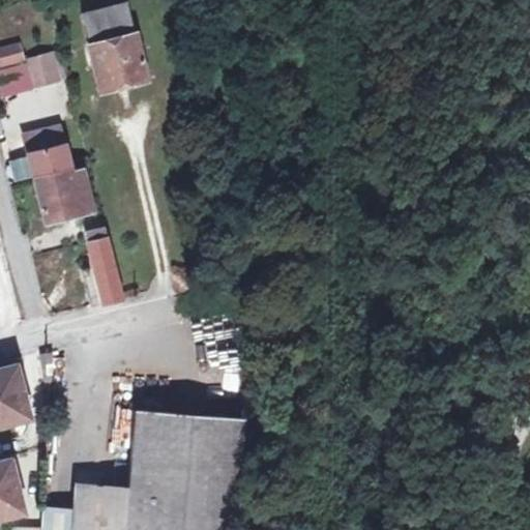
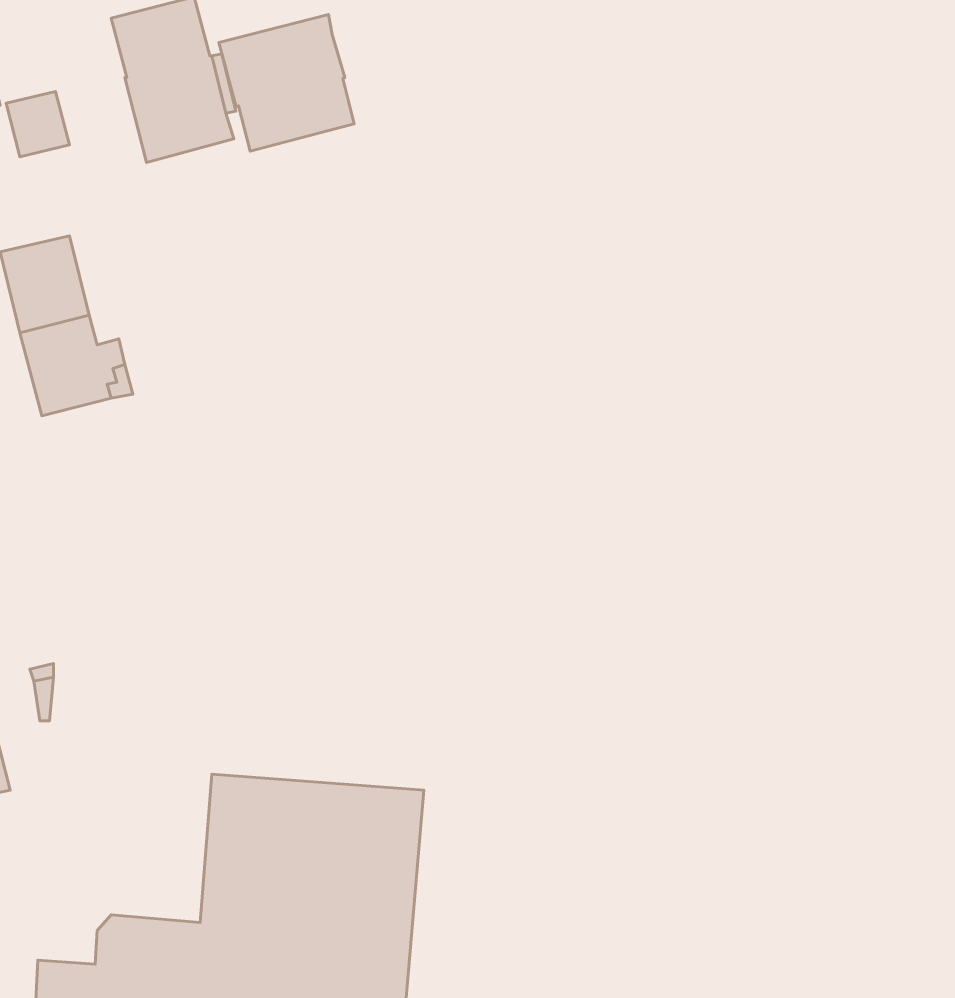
building: none -> [219,14,354,151]
building: [83,228,121,306] -> none

